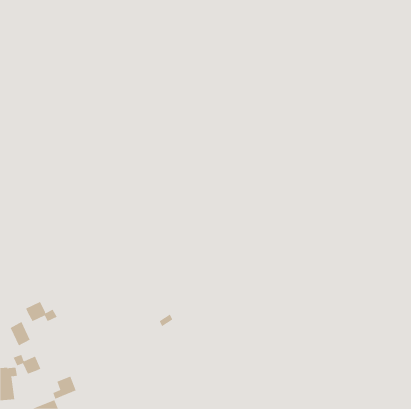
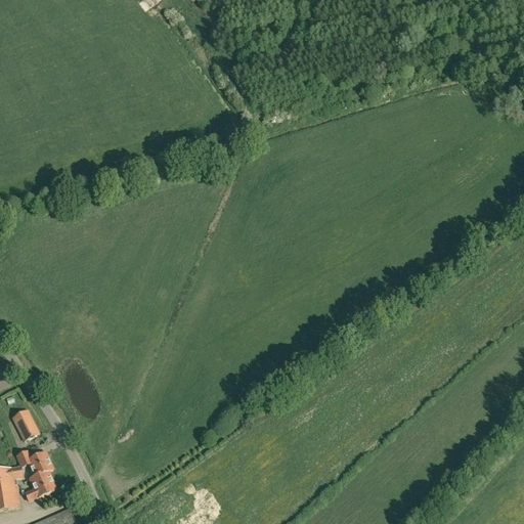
building: [26,301,58,326] -> none
building: [52,376,77,399] -> [25,471,55,500]

